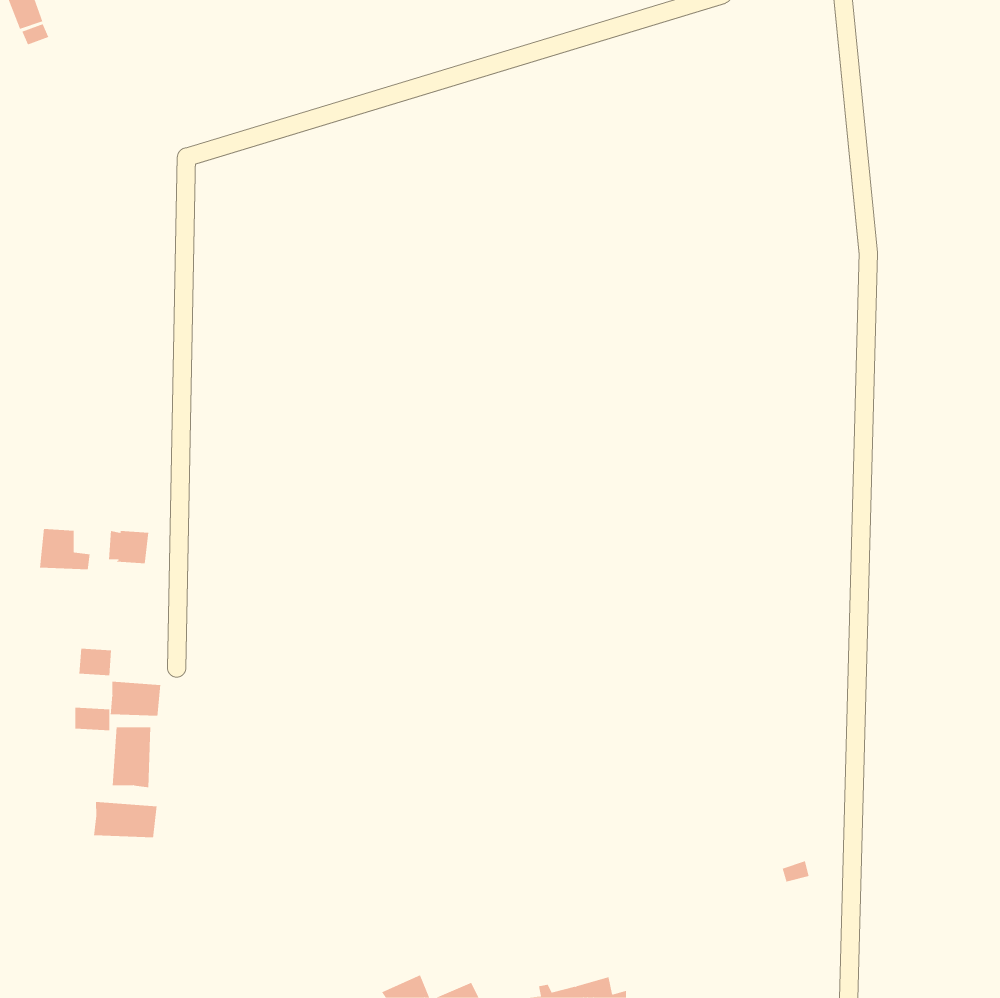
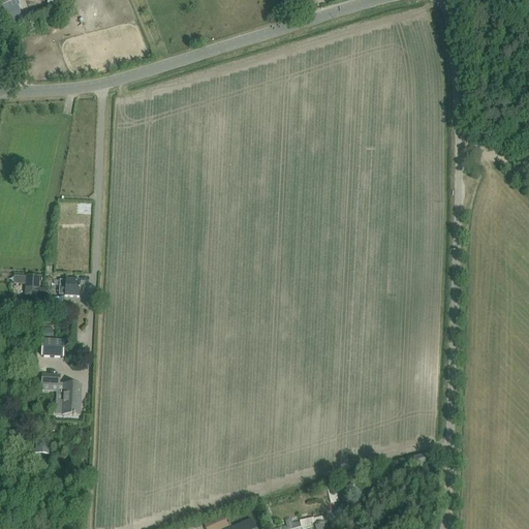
building: [110,681,161,716] -> none
building: [94,801,157,838] -> none

